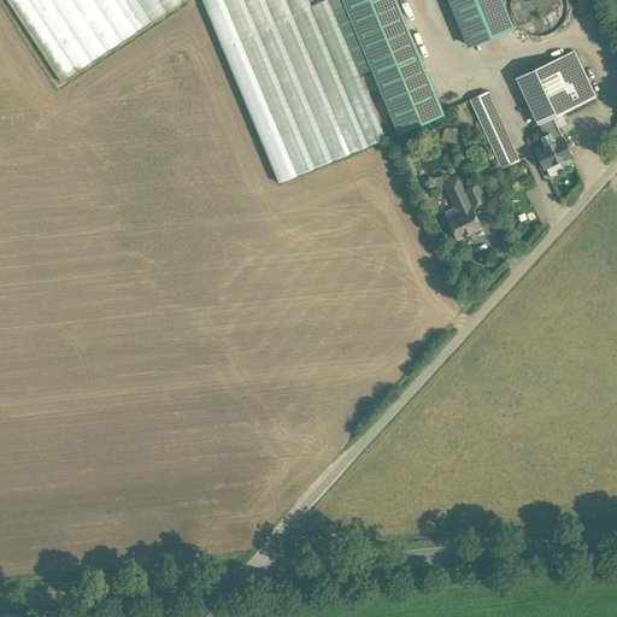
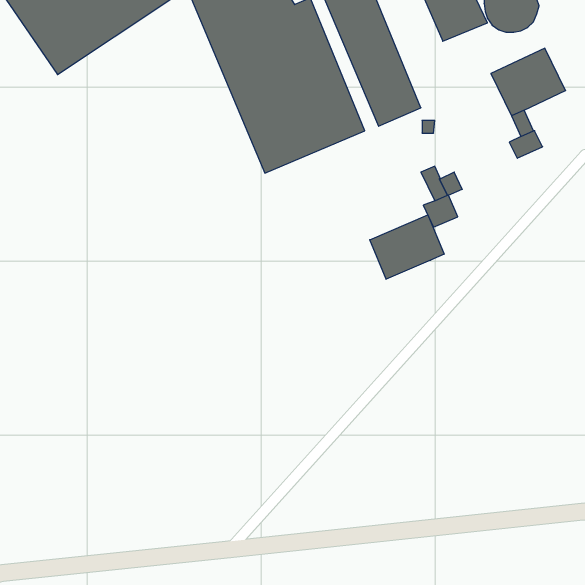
building: [469,90,518,168] -> none
building: none -> [370,215,444,279]

